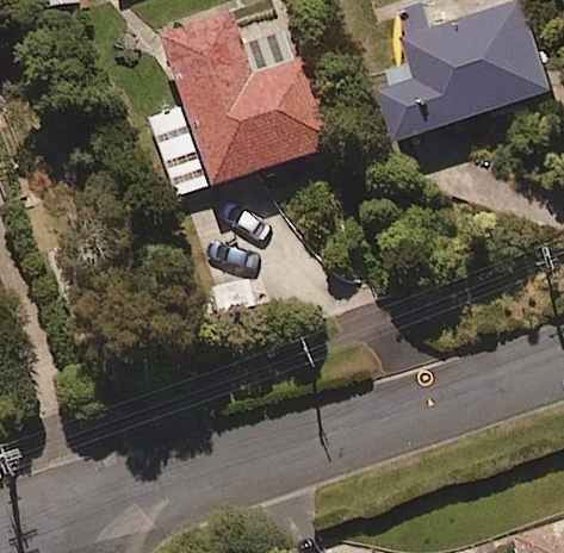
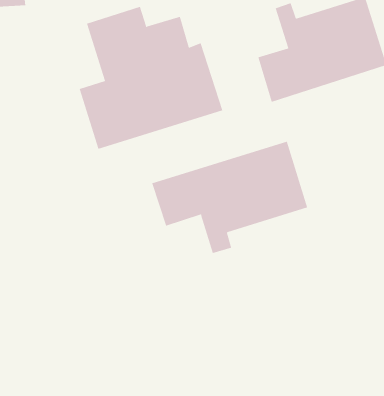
building: none -> [151,141,308,254]

